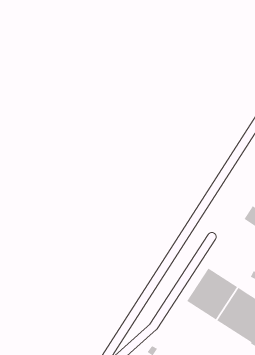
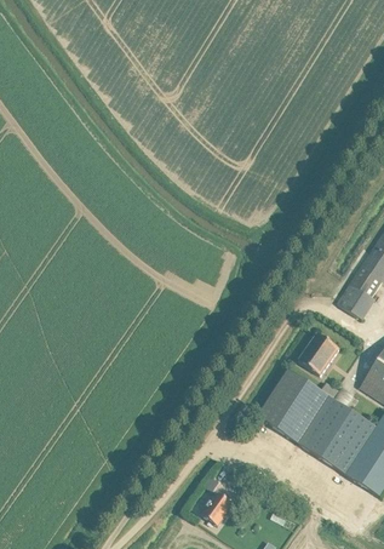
building: none -> [297,332,338,376]

